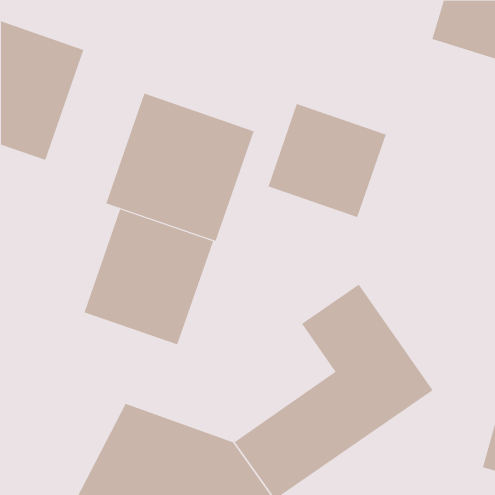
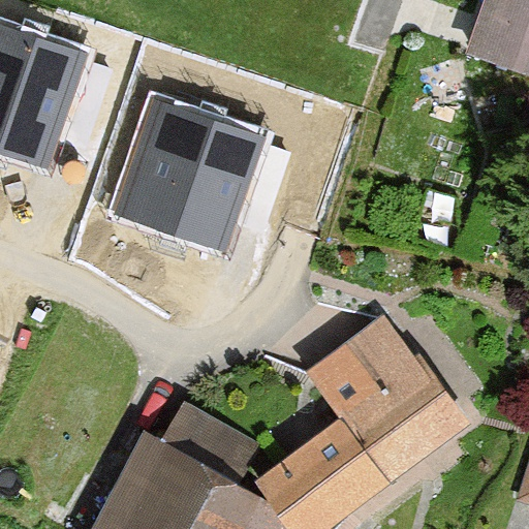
building: [268,103,386,218] -> none
building: [84,208,214,345] -> none

